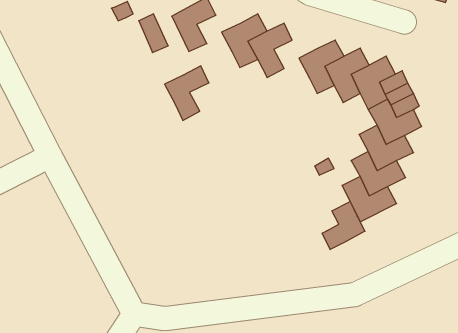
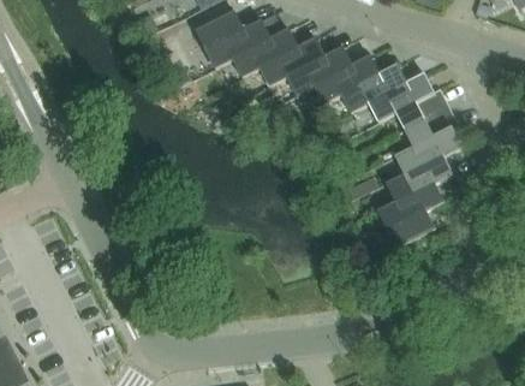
building: none -> [304,46,351,103]
building: [165,66,209,120] -> [222,19,269,77]
building: [322,202,365,250] -> none

